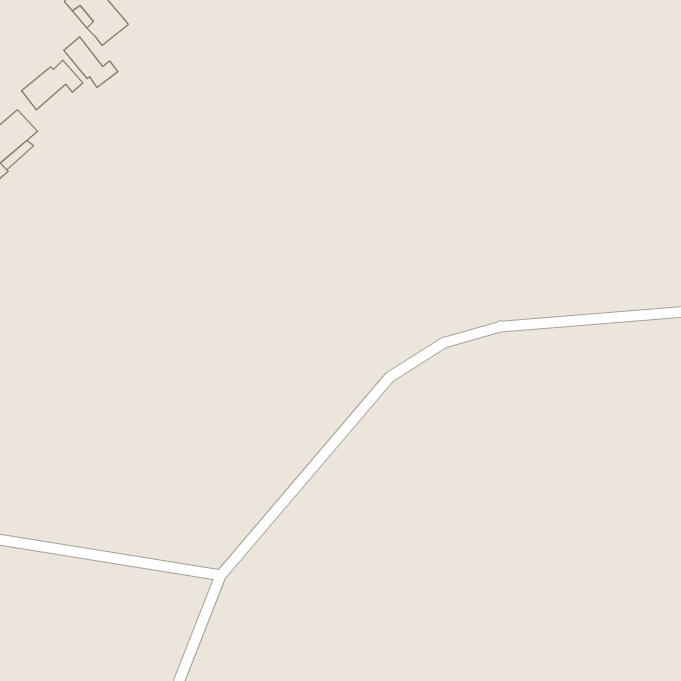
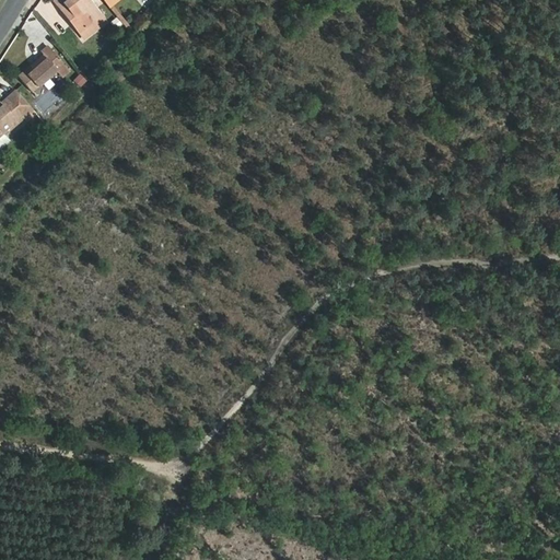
building: [64,37,118,87] -> none

